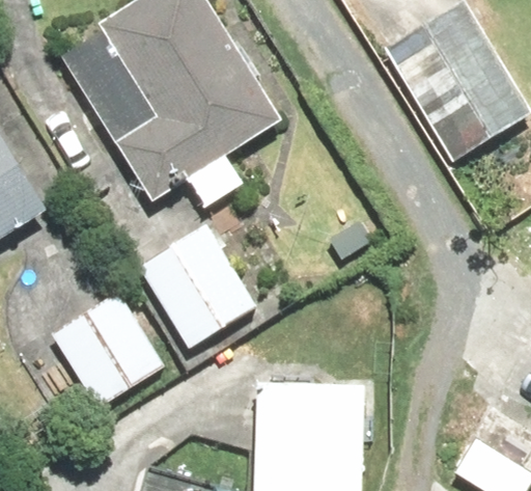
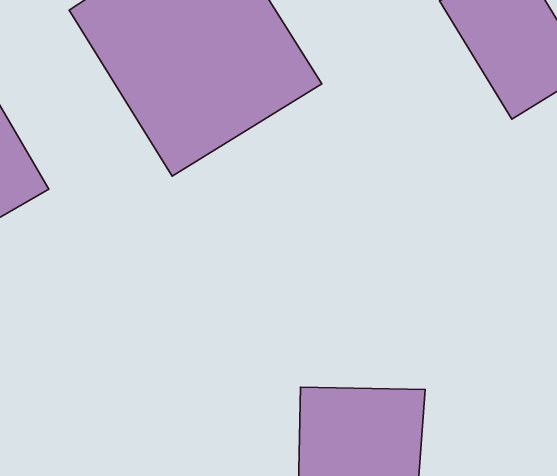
building: [134,224,253,348] -> none
building: [44,291,164,410] -> none

